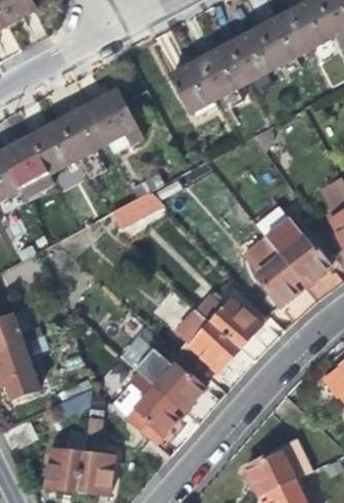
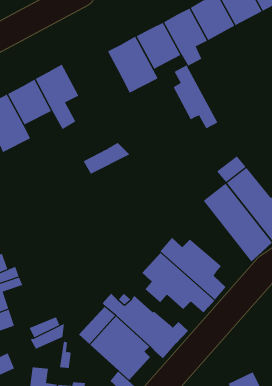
building: [89,90,144,152] -> [107,36,158,94]
building: none -> [173,65,218,129]

